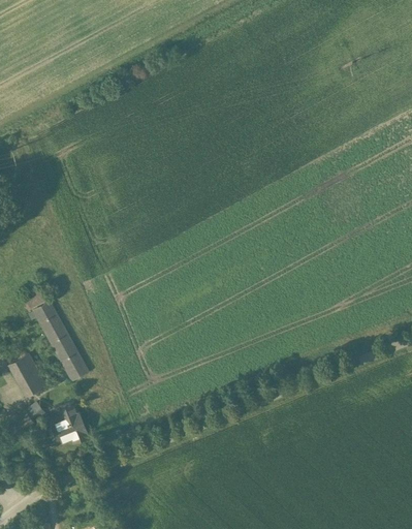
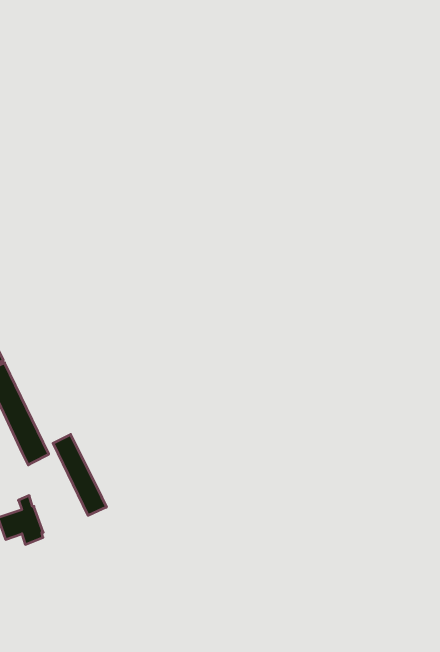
building: none -> [53,434,106,515]

